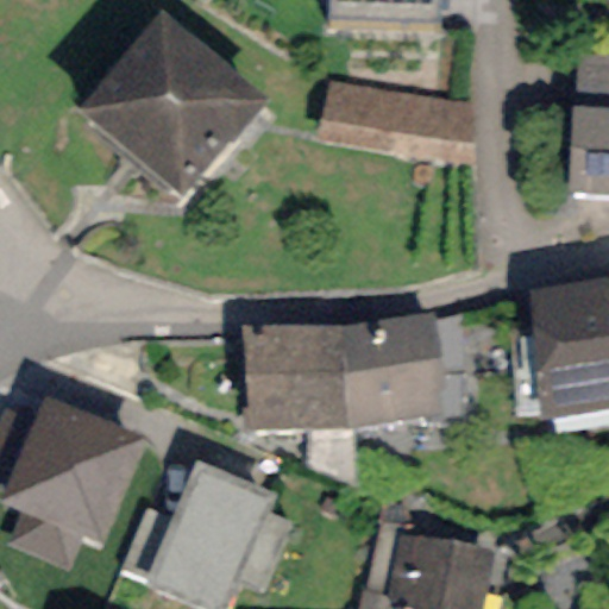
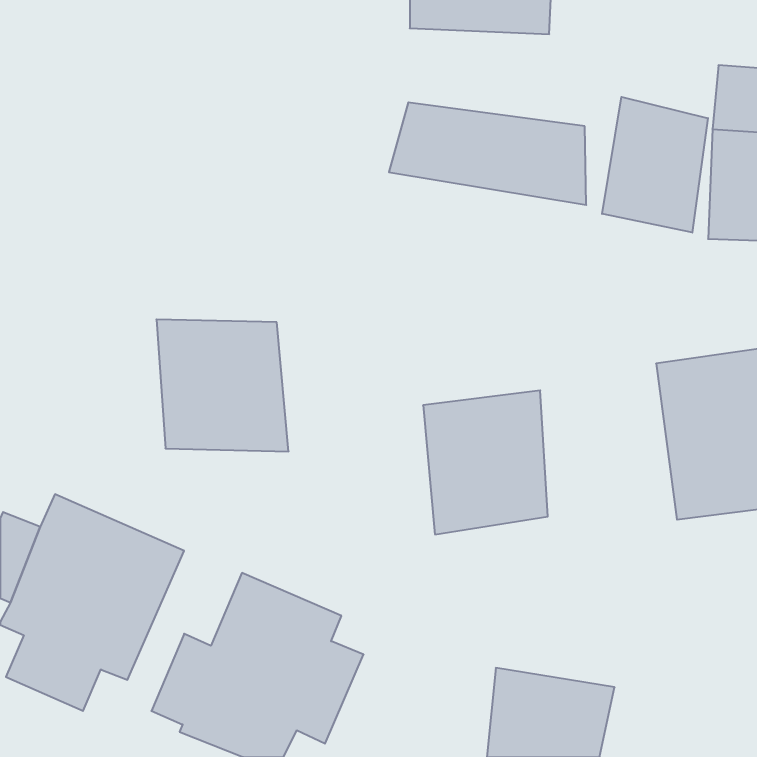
building: [79,11,268,197] -> none
building: none -> [602,97,708,233]
building: [244,322,350,428] -> [156,319,289,451]

